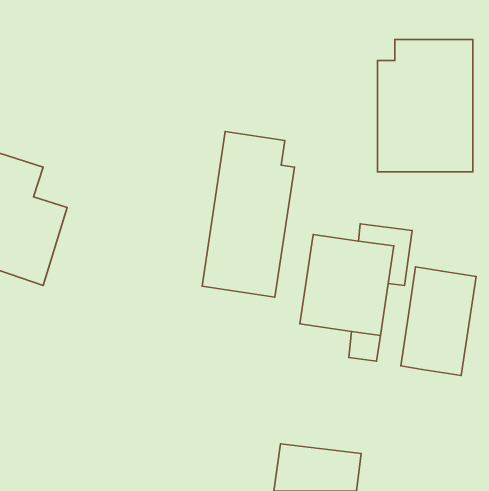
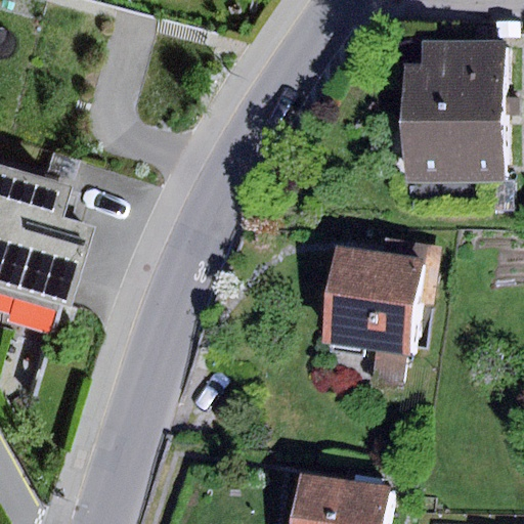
building: [202,131,294,297] -> none
building: [401,267,476,376] -> none

